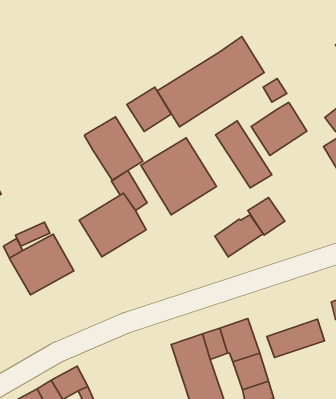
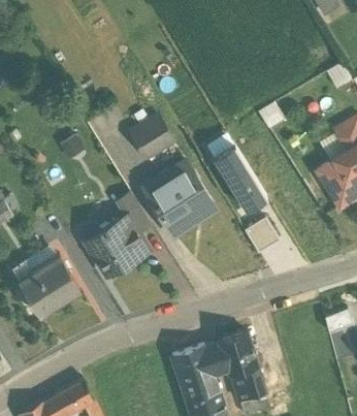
building: [157,36,264,127] -> none
building: [251,102,307,155] -> none
building: [84,117,143,180] -> none
building: [215,215,263,257] -> none
building: [267,319,325,357] -> none

